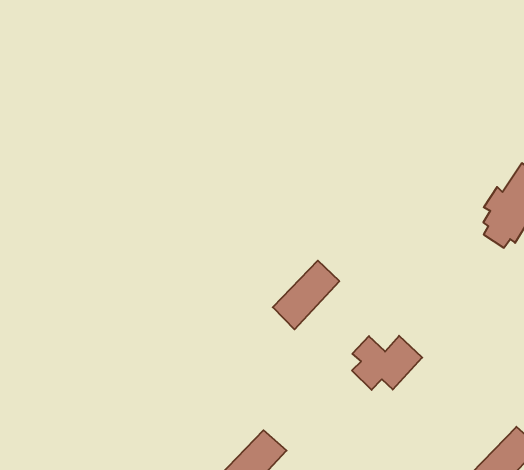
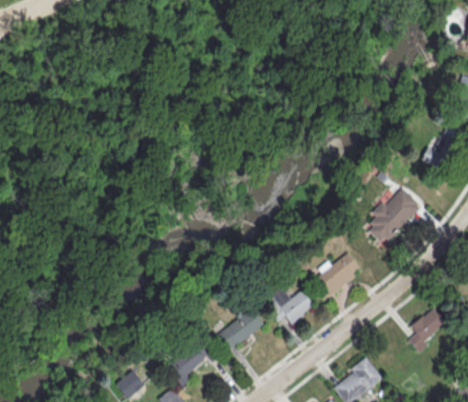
building: [273,261,339,329] -> [217,308,264,351]
building: none -> [314,252,361,295]

